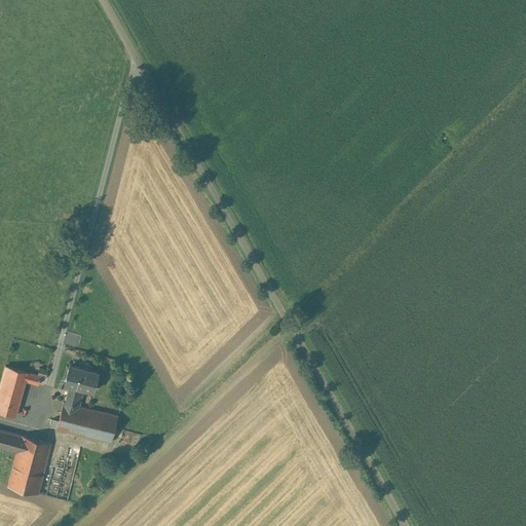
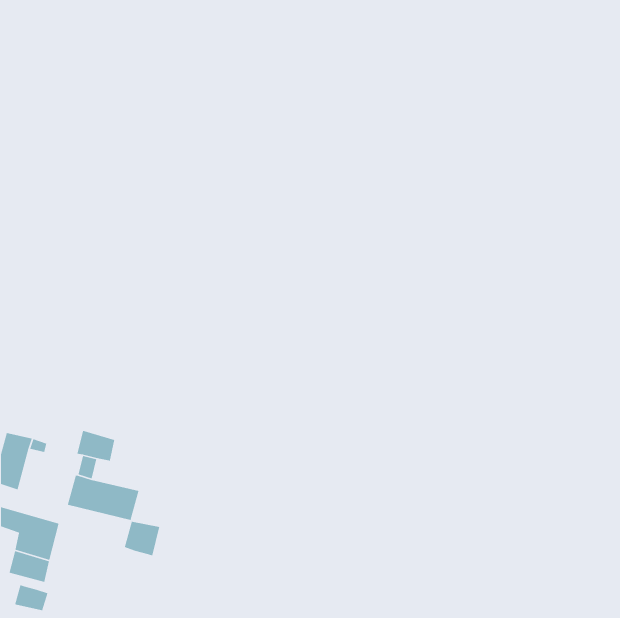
building: none -> [124,521,160,556]
building: none -> [14,584,48,611]

